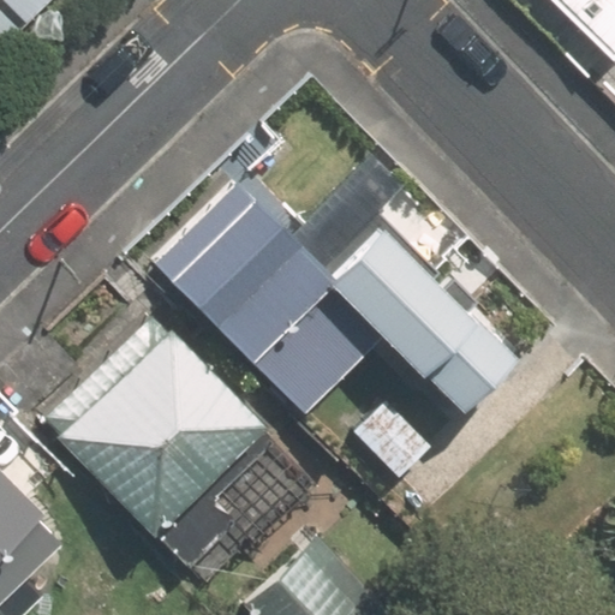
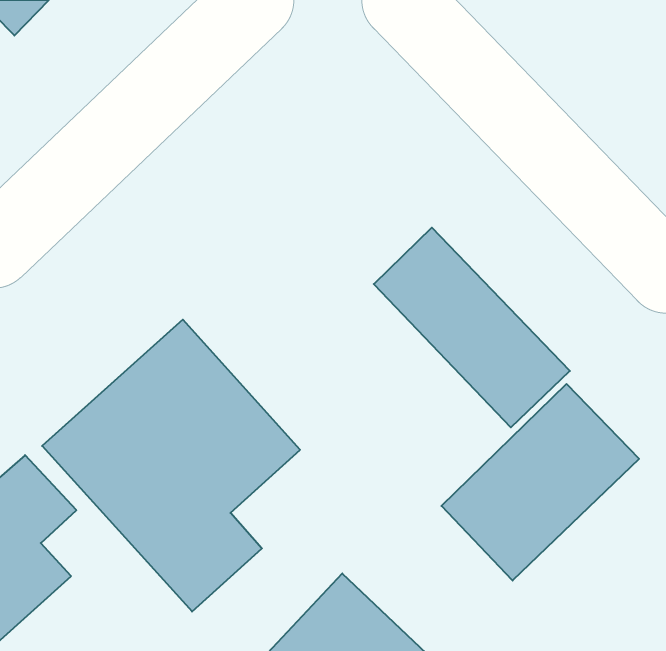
building: [155,186,346,416] -> none
building: none -> [441,384,639,581]

